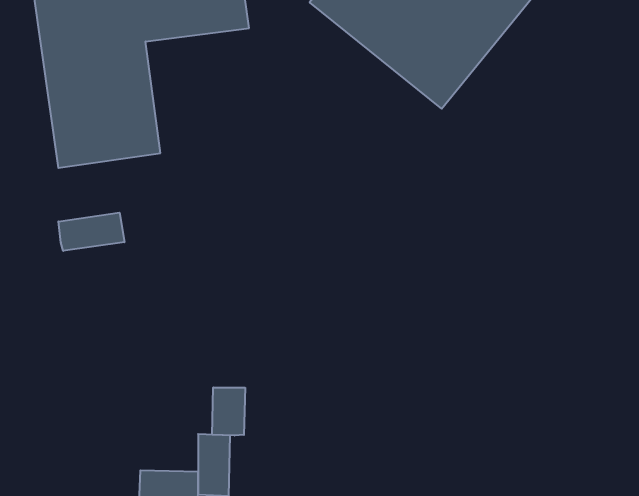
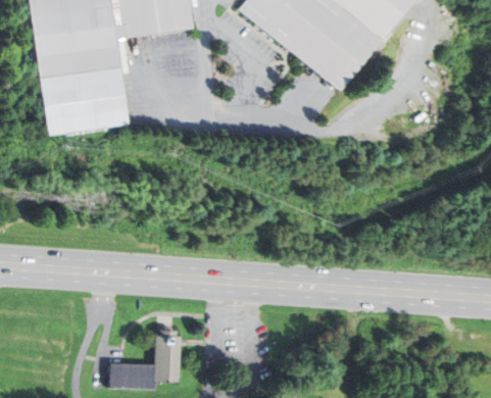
building: [58,213,124,251] -> none
building: [212,387,245,436] -> none

